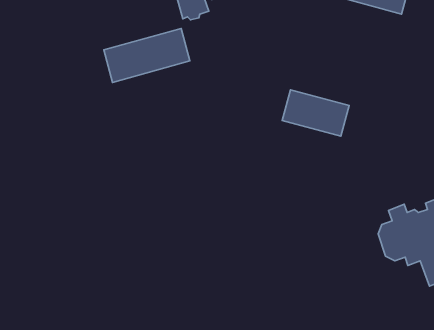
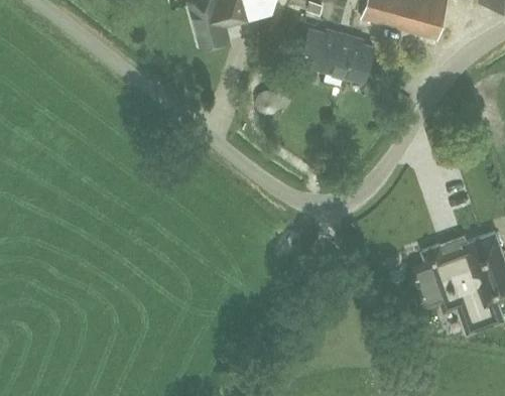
building: [104,28,190,82] -> none
building: [282,90,349,136] -> [300,28,373,79]

